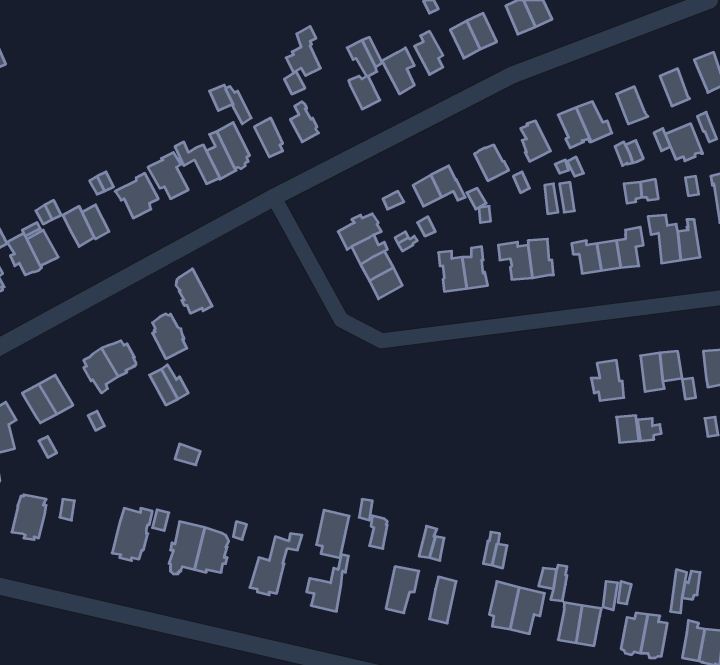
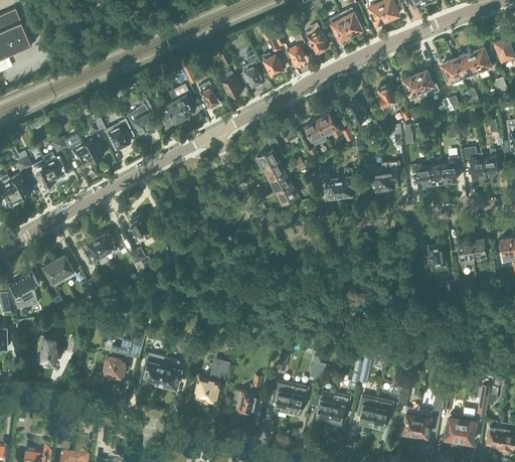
building: [286,26,321,76] -> [239,53,263,87]
building: [665,124,703,161] -> [454,53,479,79]
building: [176,269,212,313] -> none
building: [316,510,349,558] -> [271,379,293,412]
building: none -> [328,393,350,424]

